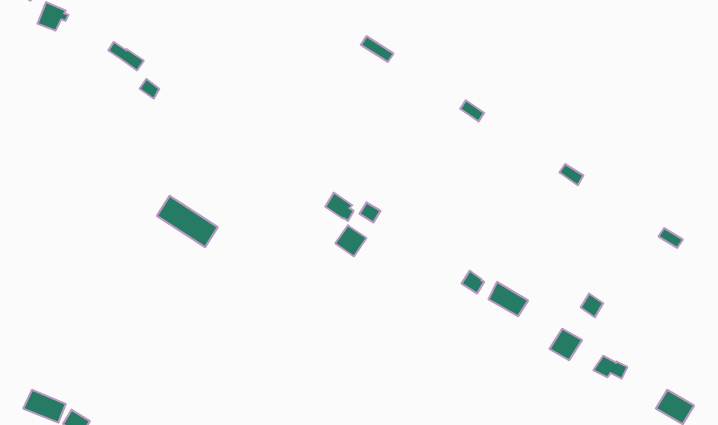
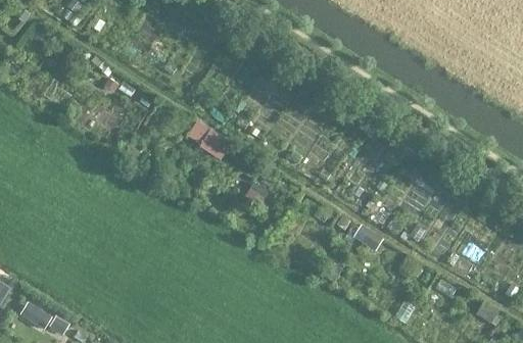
building: [157,196,218,247] -> [187,122,231,159]

